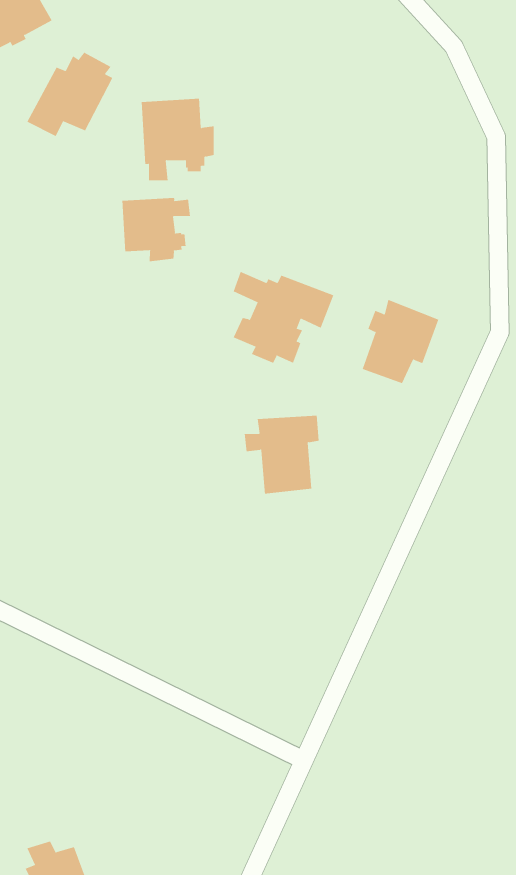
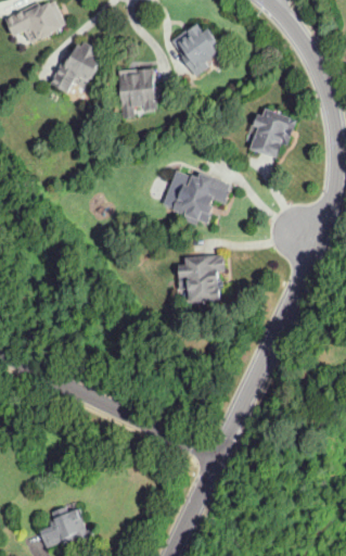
building: none -> [169,23,218,74]
building: [122,197,191,262] -> none
building: [362,299,439,384] -> [251,108,296,157]

